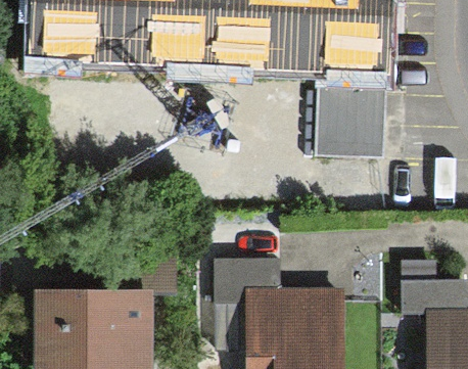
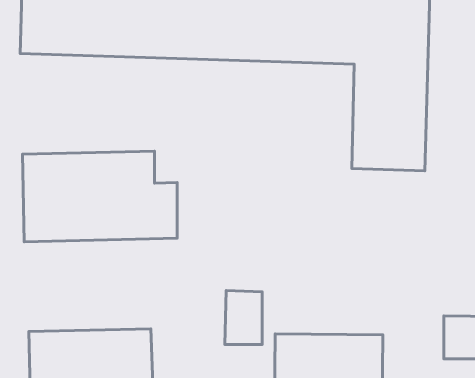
building: none -> [22,151,177,242]

